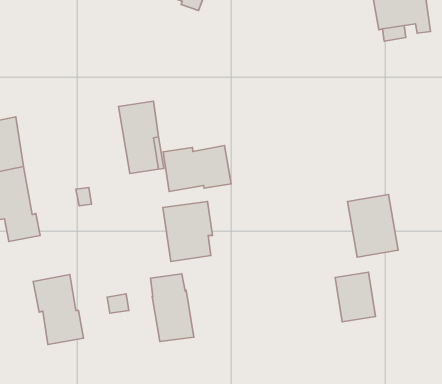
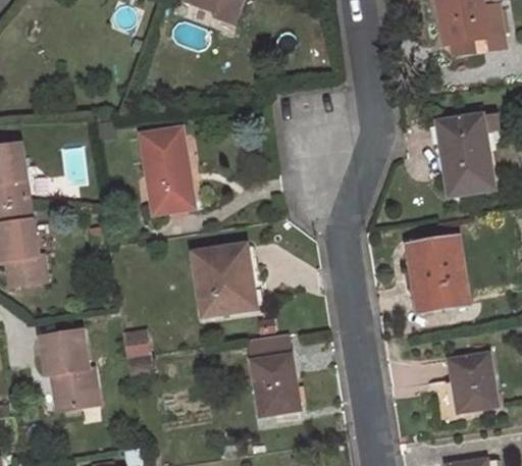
building: none -> [438,114,493,195]
building: [163,145,231,192] -> none
building: [335,272,375,322] -> [451,352,498,410]
building: [150,274,194,342] -> [249,333,300,413]

